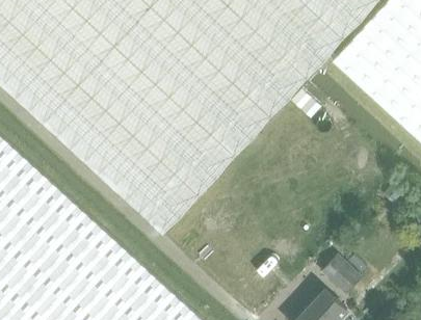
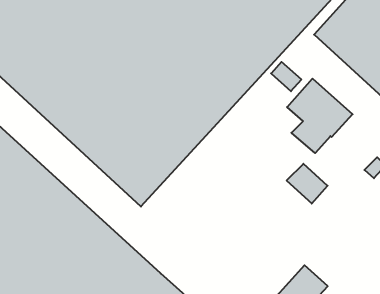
building: none -> [287,79,353,153]
building: [321,255,362,294] -> [287,164,328,204]

